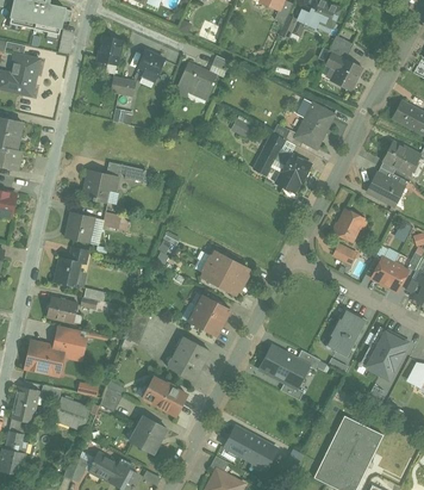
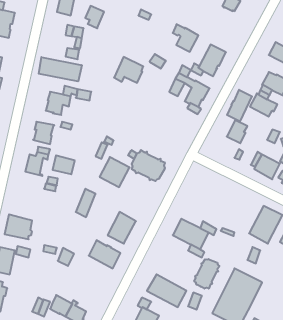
building: [325,51,361,89] -> [173,24,198,52]
building: [174,62,214,98] -> [114,57,143,83]
building: none -> [39,57,82,81]
building: none -> [227,90,252,122]
building: [188,294,230,336] -> [100,157,130,187]
building: [46,296,77,322] -> [53,155,75,174]
building: [325,309,367,359] -> none
building: [54,324,87,352] -> none
building: [55,397,91,428] -> none
building: none -> [194,259,219,289]
building: [129,415,166,453] -> none

